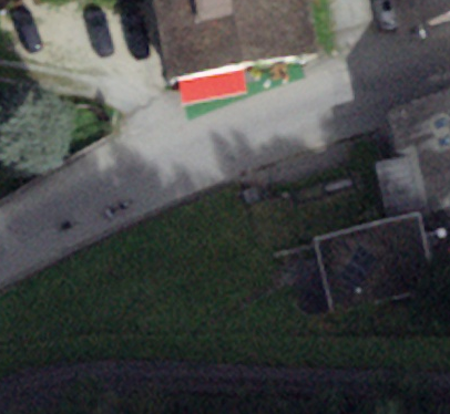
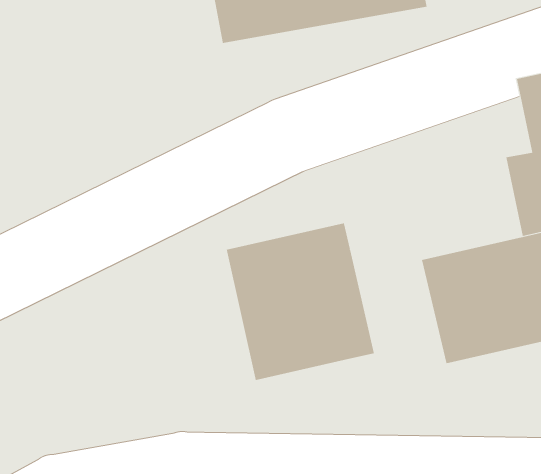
building: none -> [226,223,374,381]

